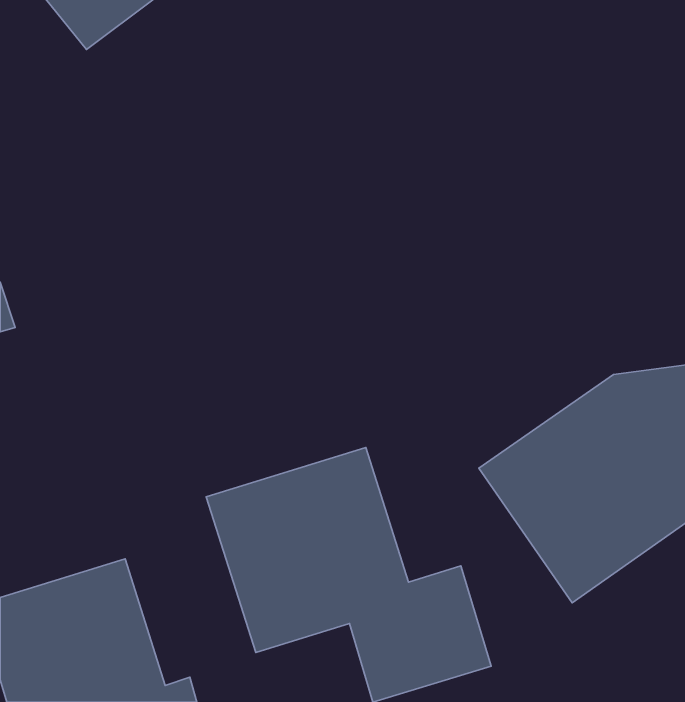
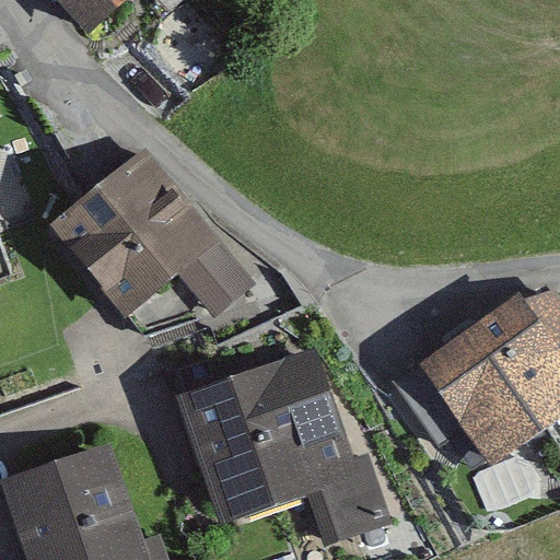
building: none -> [46,142,268,323]

